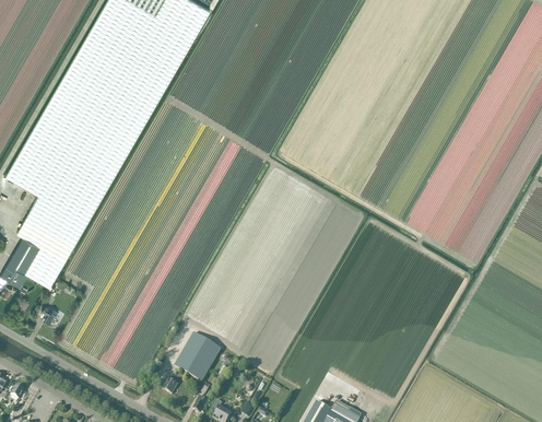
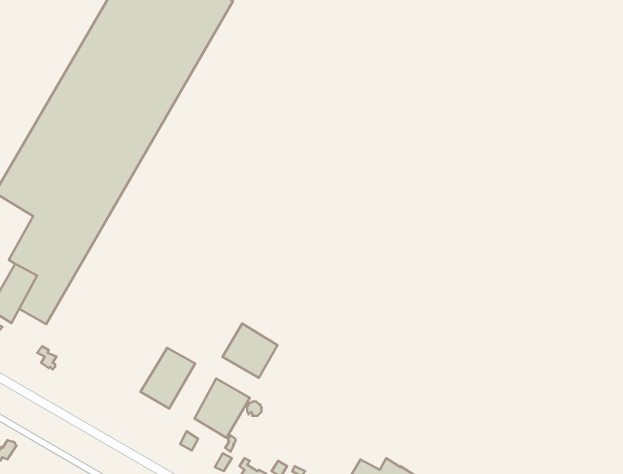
building: none -> [223,323,277,378]
building: none -> [141,348,195,408]

